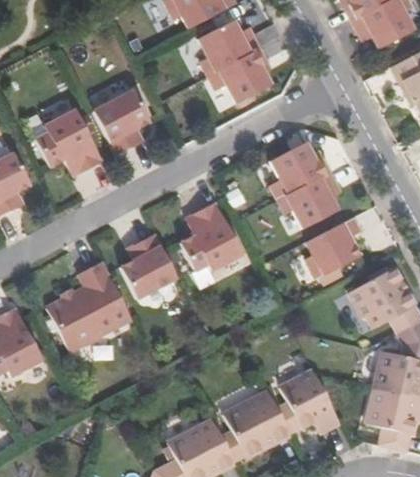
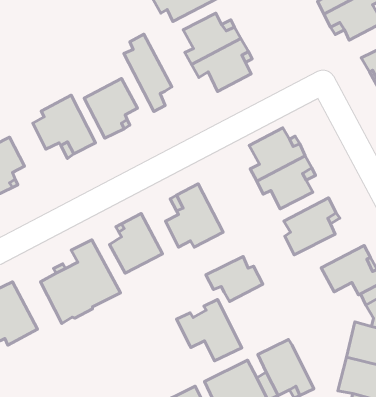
building: none -> [124,34,172,112]
building: none -> [206,257,263,302]
building: none -> [177,299,242,361]

